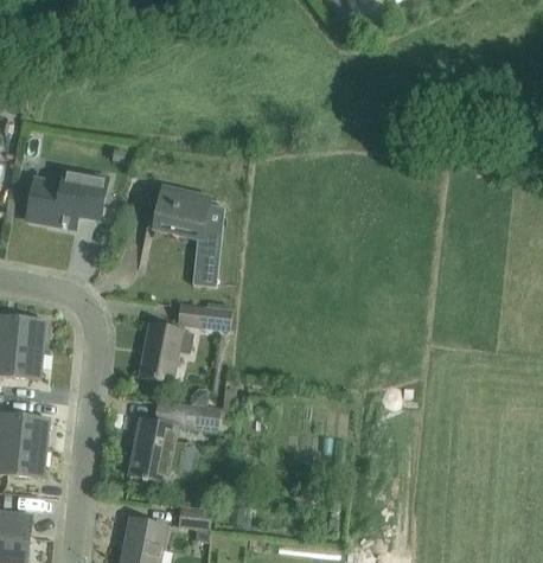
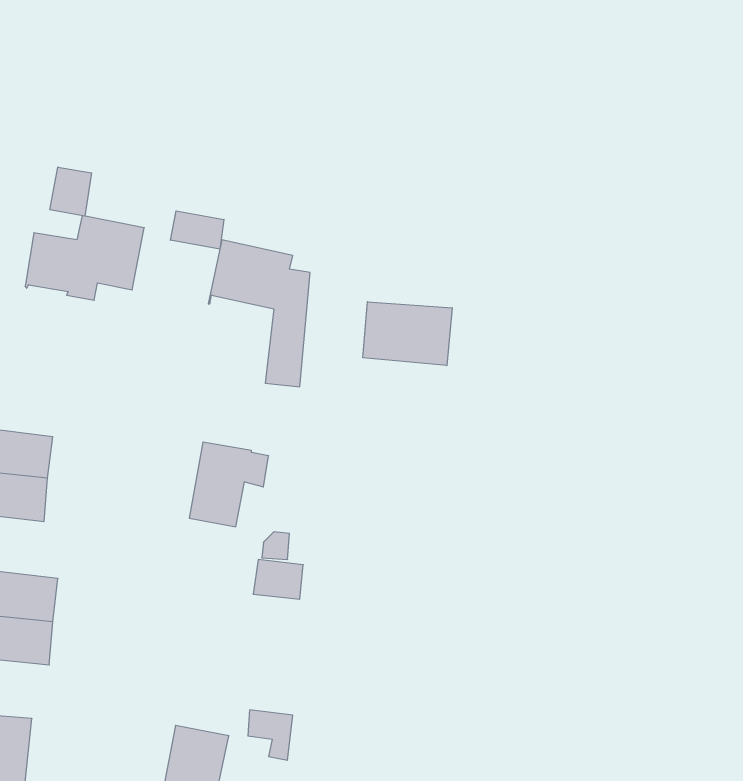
building: none -> [50,167,92,216]
building: none -> [170,211,224,249]
building: none -> [363,302,452,366]
building: [179,307,228,331] -> none
building: [129,418,187,480] -> none

